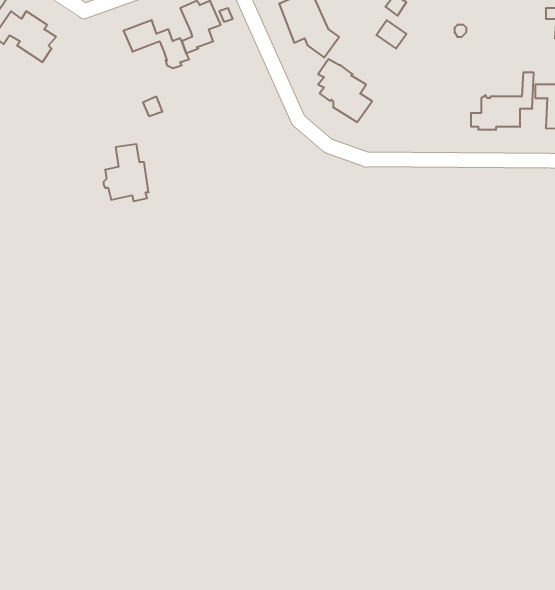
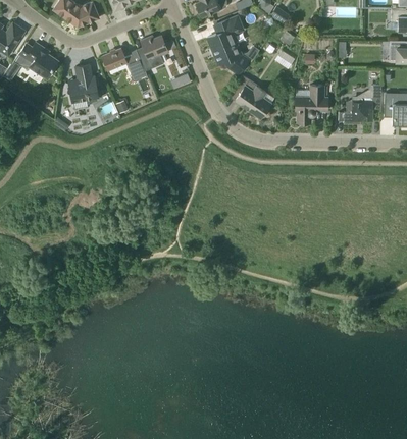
building: none -> [296,85,327,122]
building: [104,144,149,201] -> [67,64,98,103]

